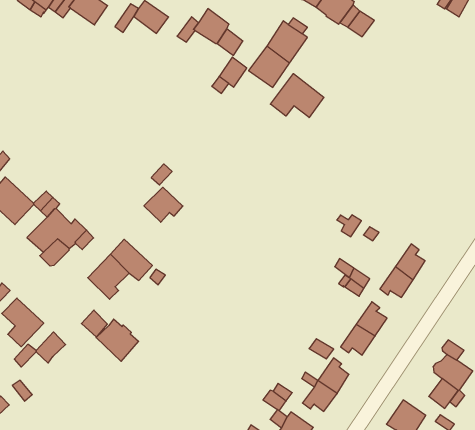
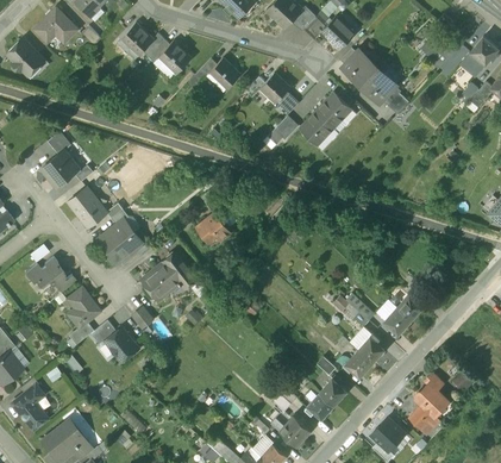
building: [270,74,324,118] -> none
building: [96,319,139,361] -> [104,327,138,363]

